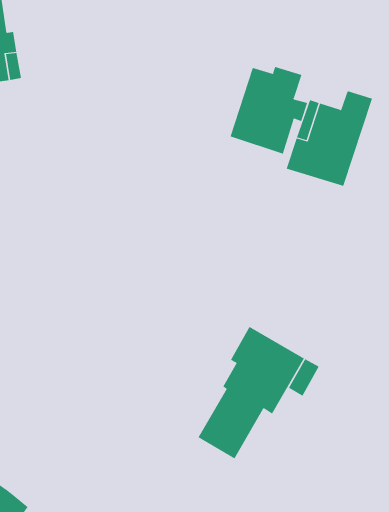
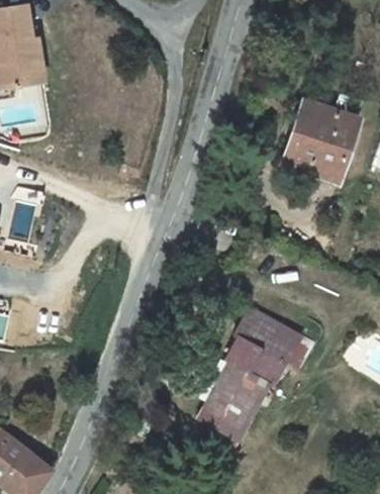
building: [230,66,308,155] -> none
building: none -> [196,381,269,440]

